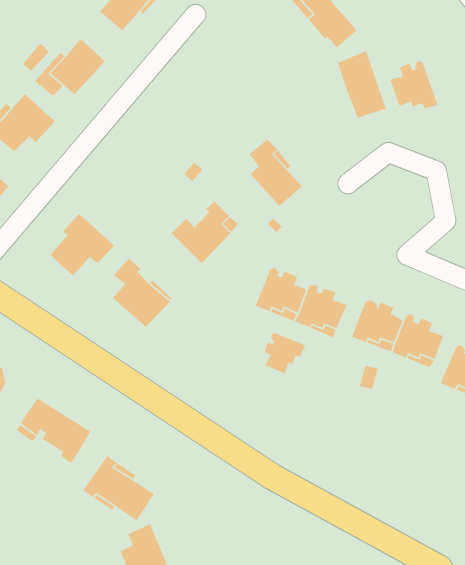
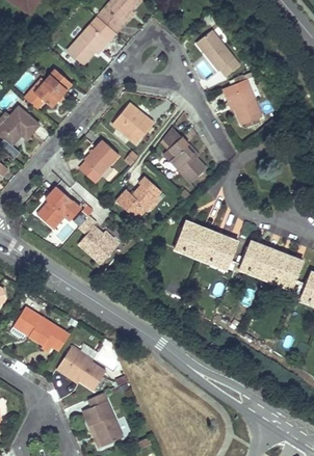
building: [389,60,439,110] -> none
building: none -> [112,102,153,142]
building: none -> [84,138,119,173]
building: [263,332,306,374] -> none

